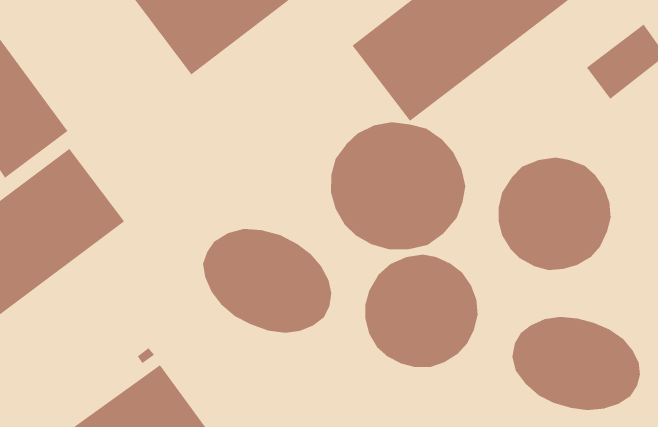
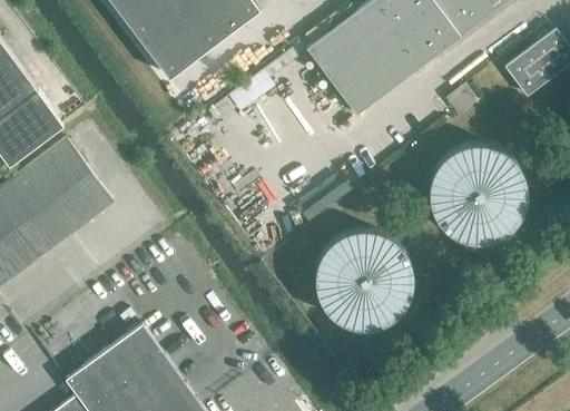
building: [330,122,466,250] -> none
building: [202,228,332,334] -> none
building: [512,316,641,411] -> none

